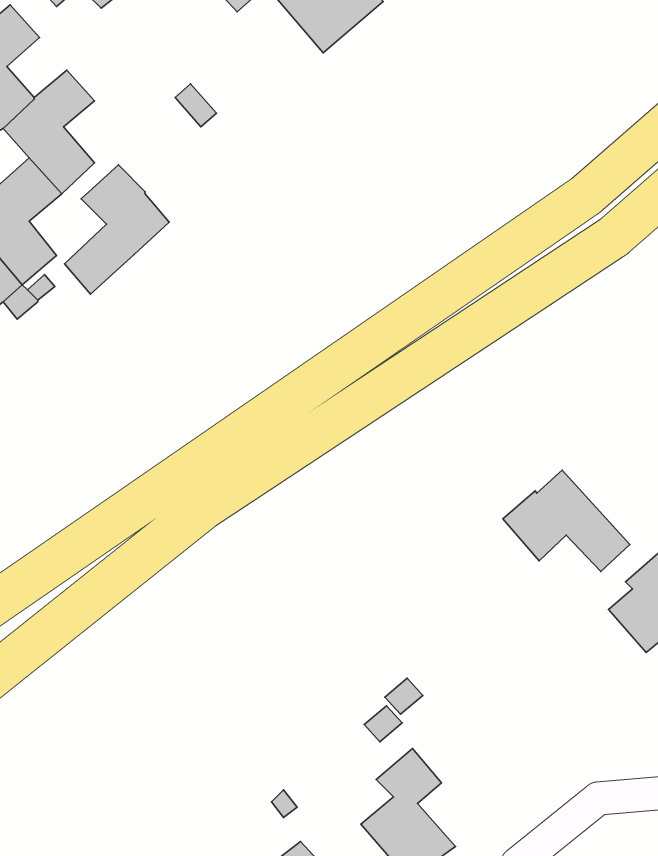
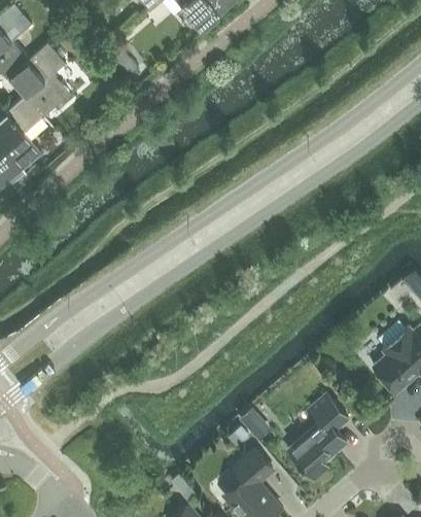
building: [65,165,169,294] -> none
building: [503,470,630,572] -> none
building: none -> [287,394,347,478]

